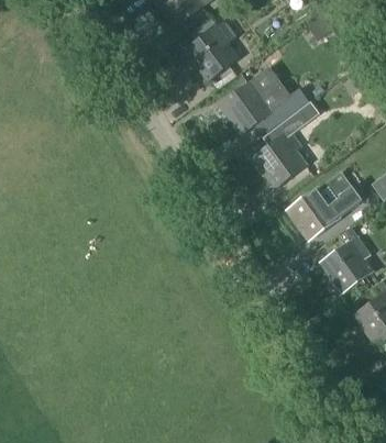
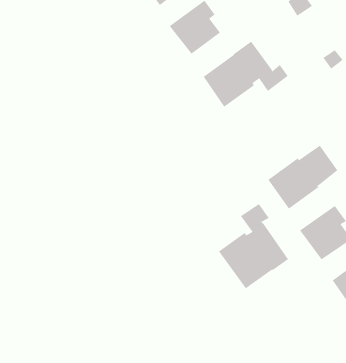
building: [252,100,320,187] -> none
building: none -> [218,203,289,289]

